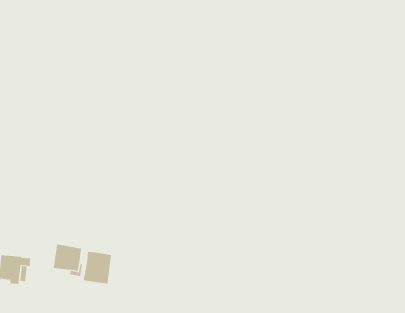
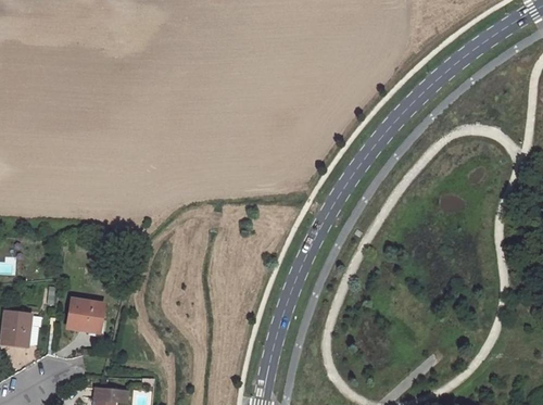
building: [83,251,112,285] -> none

